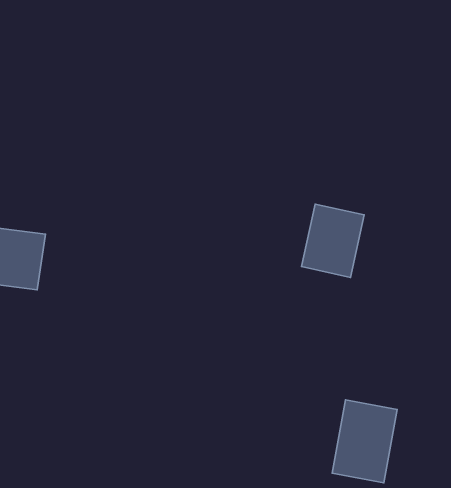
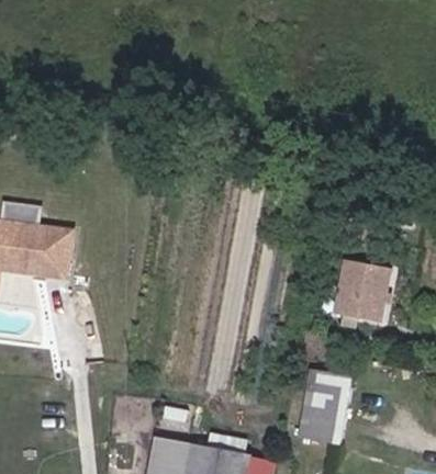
building: [302,204,364,277] -> [333,258,383,317]

